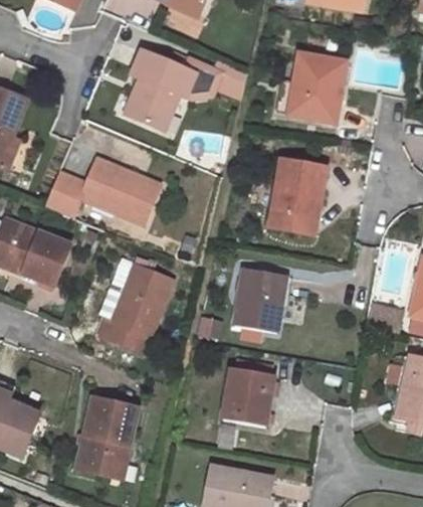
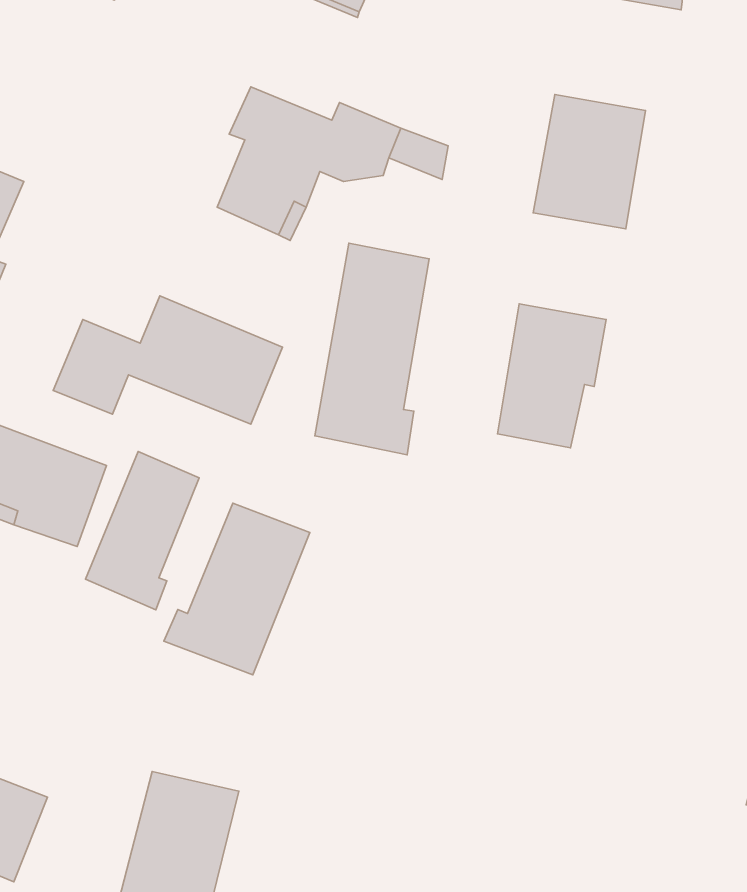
building: none -> [315,243,429,455]
building: none -> [86,452,199,610]
building: [234,268,284,332] -> none
building: [223,369,272,427] -> none

